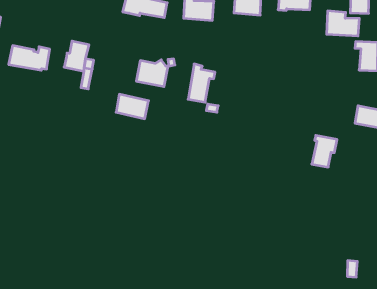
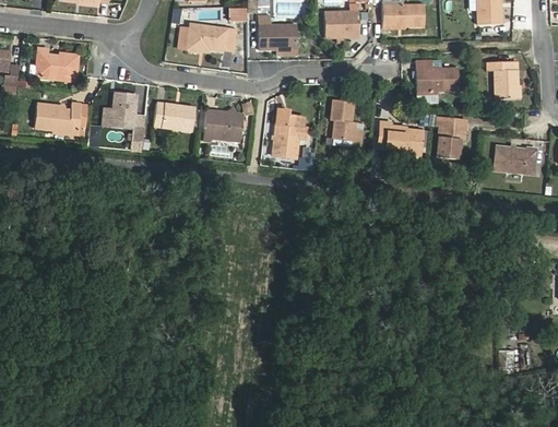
building: none -> [29,48,78,79]
building: [327,11,359,36] -> [415,60,458,91]
building: none -> [330,99,363,149]
building: none -> [378,122,423,153]
building: [116,94,149,119] -> [154,102,195,131]
building: [312,135,337,167] -> [436,118,466,158]

